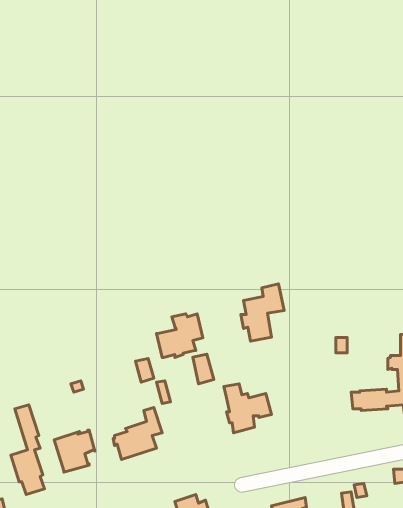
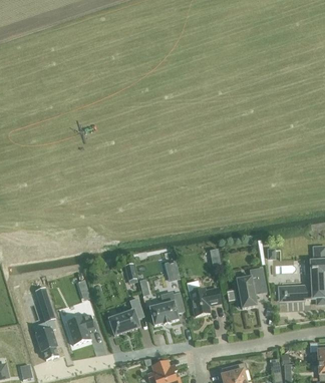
building: [241,284,284,341] -> [234,267,265,308]
building: [157,314,203,357] -> [149,293,183,324]

